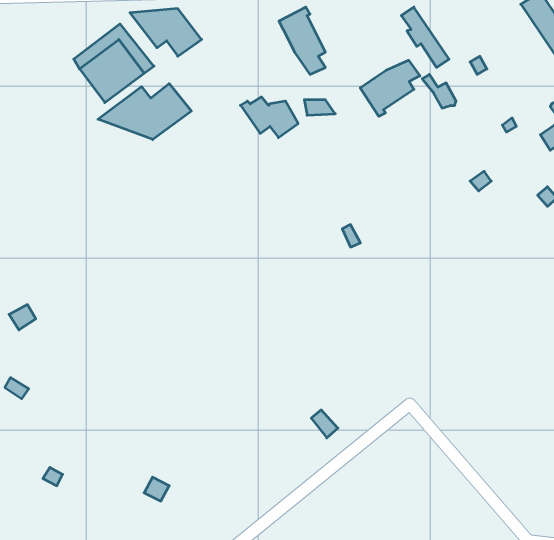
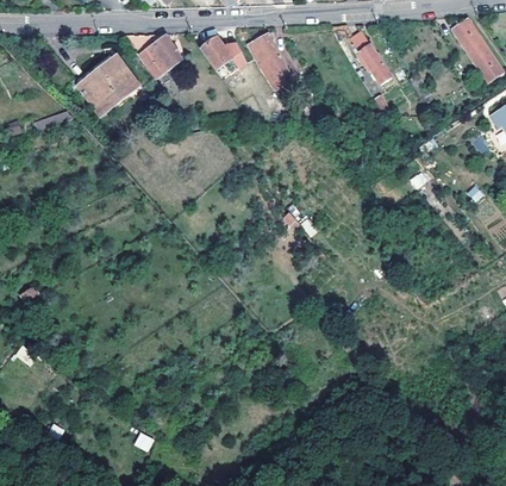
building: [360,60,420,116] -> none
building: [98,84,191,140] -> none
building: [240,97,298,138] -> [199,39,248,74]

